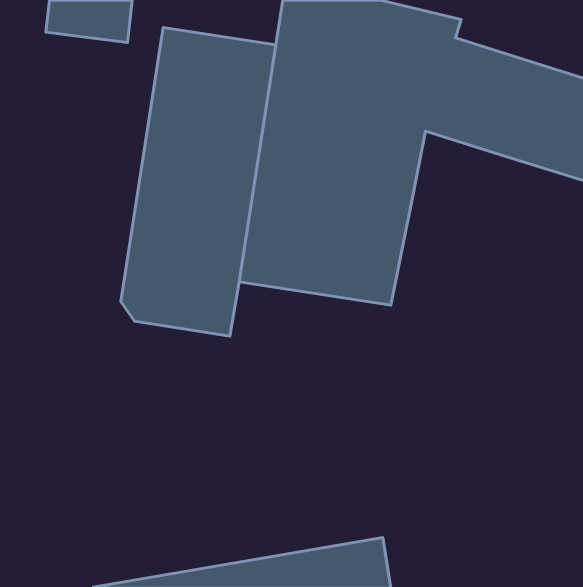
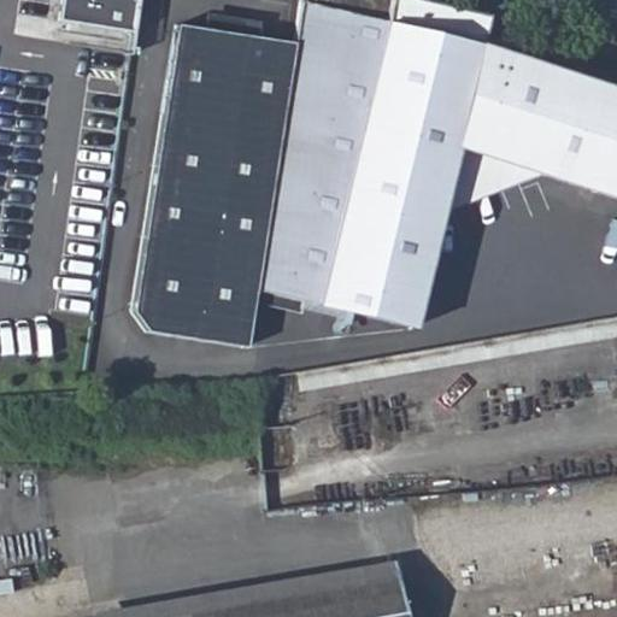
building: none -> [437,139,535,206]

